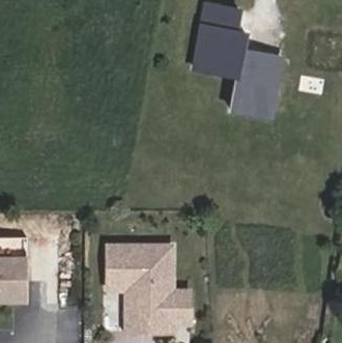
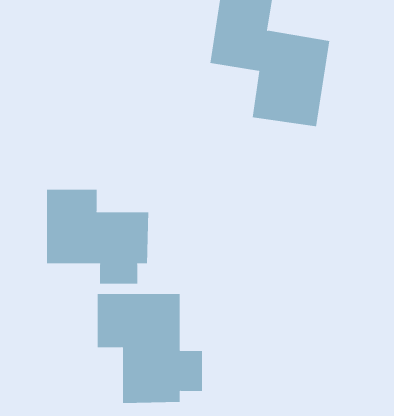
building: none -> [47,189,149,284]

